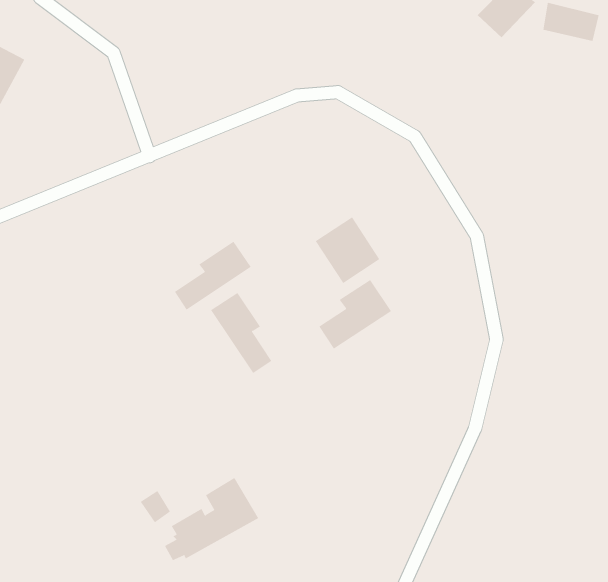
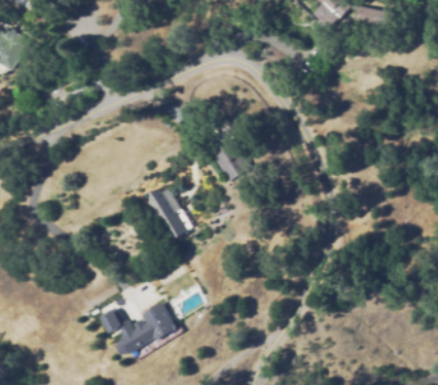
building: [174,241,252,310] -> none
building: [319,279,392,349] -> none

